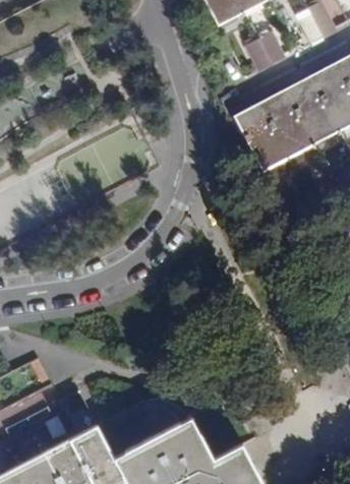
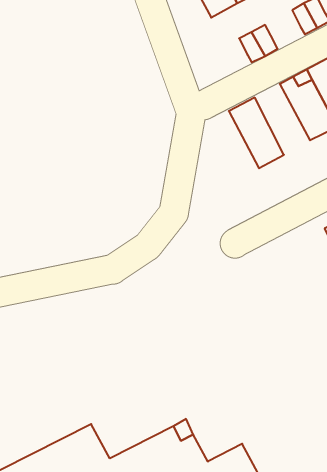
building: [257,92,311,161] -> none

